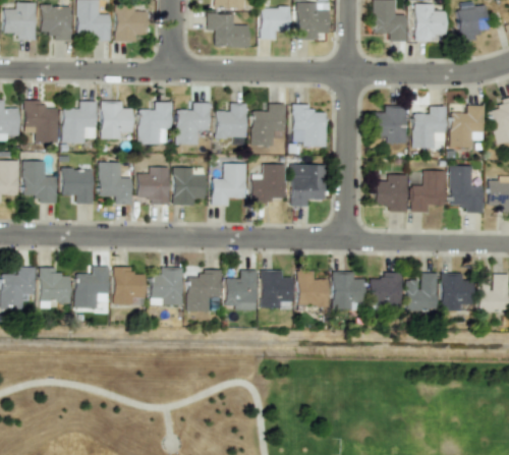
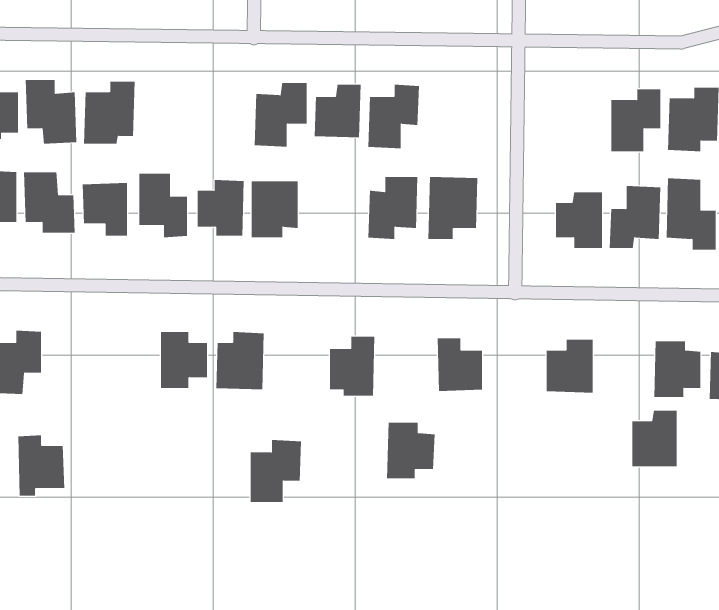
building: [102,101,133,138] -> none
building: [138,102,173,144] -> none
building: [293,104,327,146] -> none
building: [374,105,407,144] -> none
building: [213,163,246,205] -> none
building: [40,267,71,307] -> [17,435,65,496]
building: [75,267,109,308] -> none
building: [187,269,222,310] -> [250,440,302,503]
building: [261,270,293,307] -> [386,422,435,479]
building: [333,271,363,309] -> none
building: [406,273,437,310] -> [632,410,678,467]

